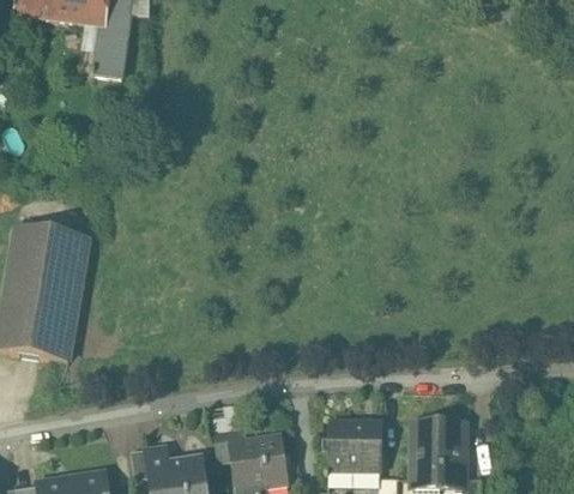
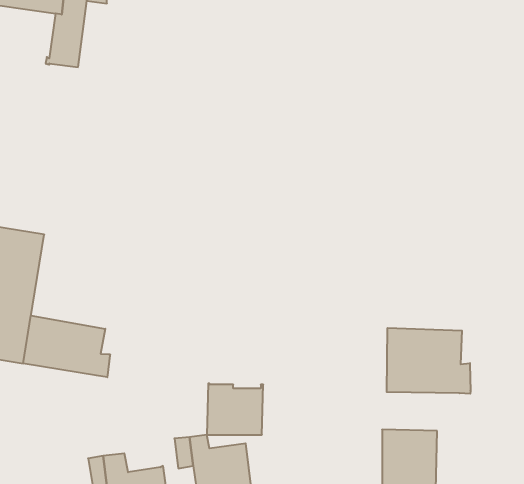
building: none -> [23,315,110,377]
building: none -> [387,328,470,394]
building: [328,420,382,469] -> [207,383,263,435]

